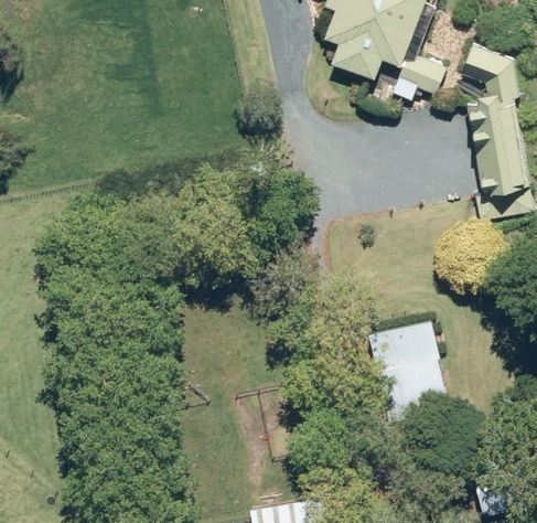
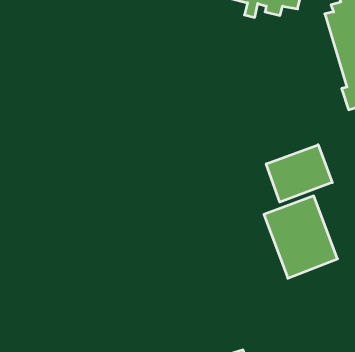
building: none -> [266,145,332,202]

